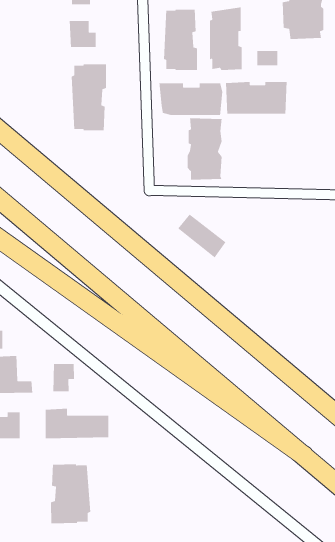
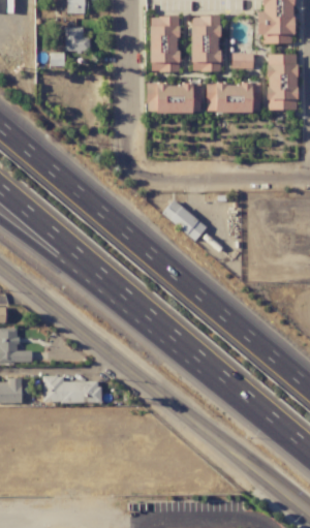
building: [71,63,107,131] -> none
building: [187,117,222,181] -> [266,54,298,111]
building: [53,363,75,392] -> none
building: [50,464,91,524] -> none

